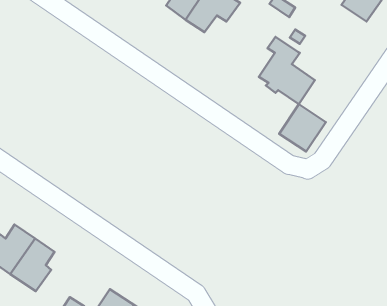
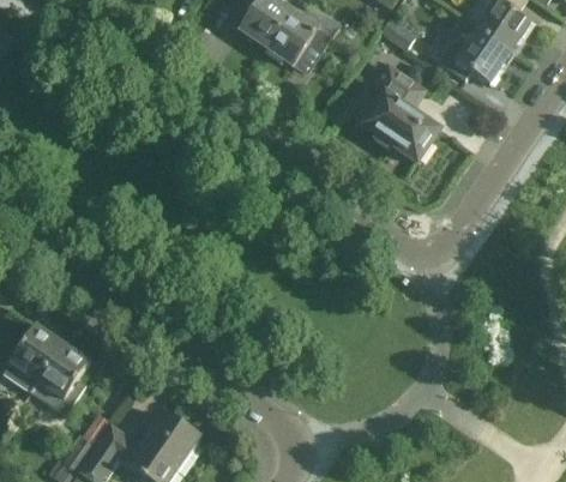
building: none -> [439,28,510,82]
building: [279,104,326,152] -> none

